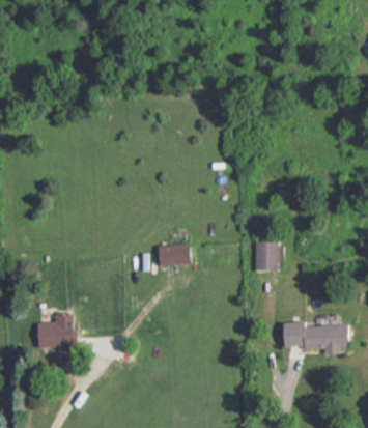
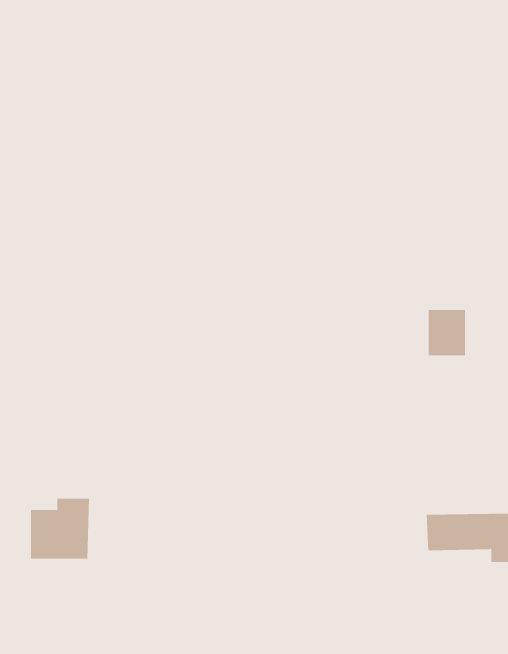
building: [253,240,277,269] -> [428,309,466,356]
building: [158,244,191,265] -> none

